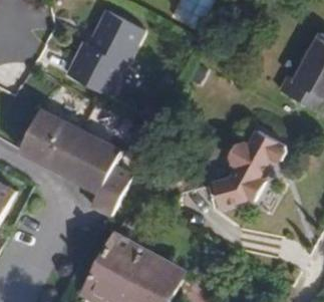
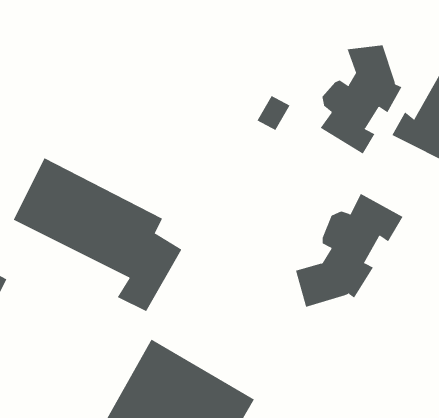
building: [66,6,146,94] -> none
building: none -> [320,44,402,155]

